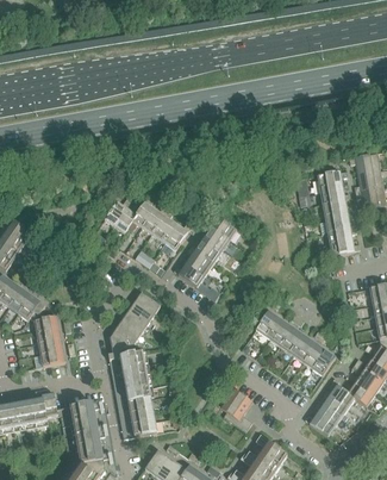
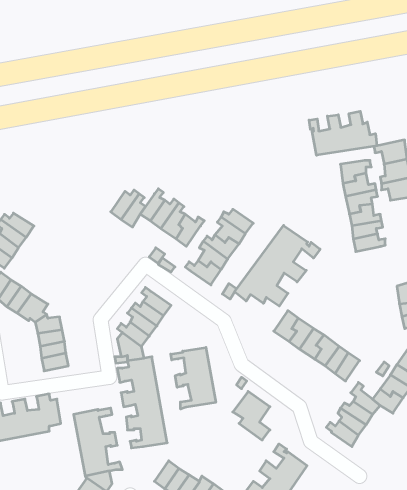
building: none -> [309,111,377,155]
building: none -> [235,225,320,306]
building: none -> [171,347,216,409]

